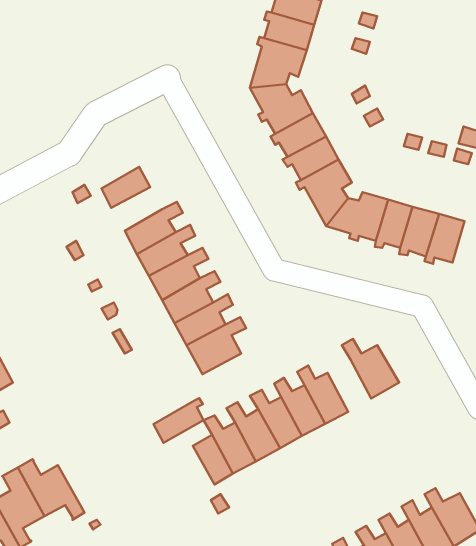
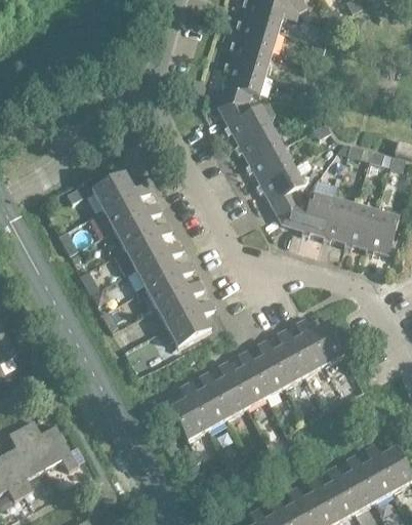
building: none -> [101,181,152,226]
building: none -> [277,328,321,378]
building: [154,398,204,443] -> none

